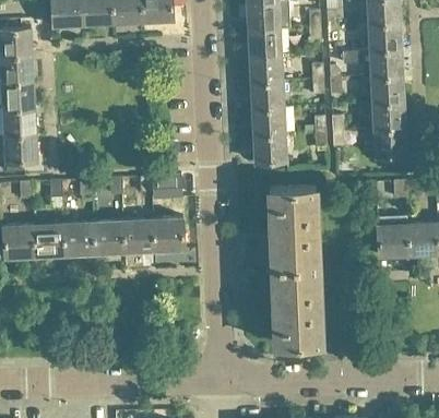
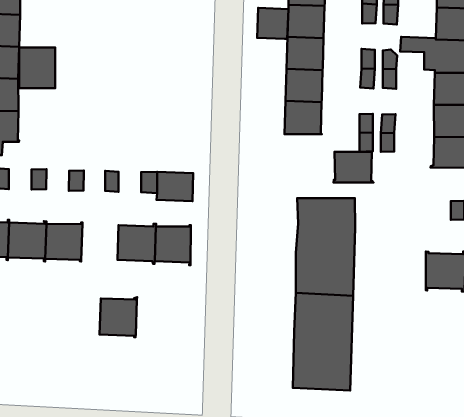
building: none -> [257,8,288,39]
building: none -> [19,47,55,88]
building: [253,136,287,164] -> [334,152,374,183]
building: [94,220,124,253] -> [100,297,137,337]

